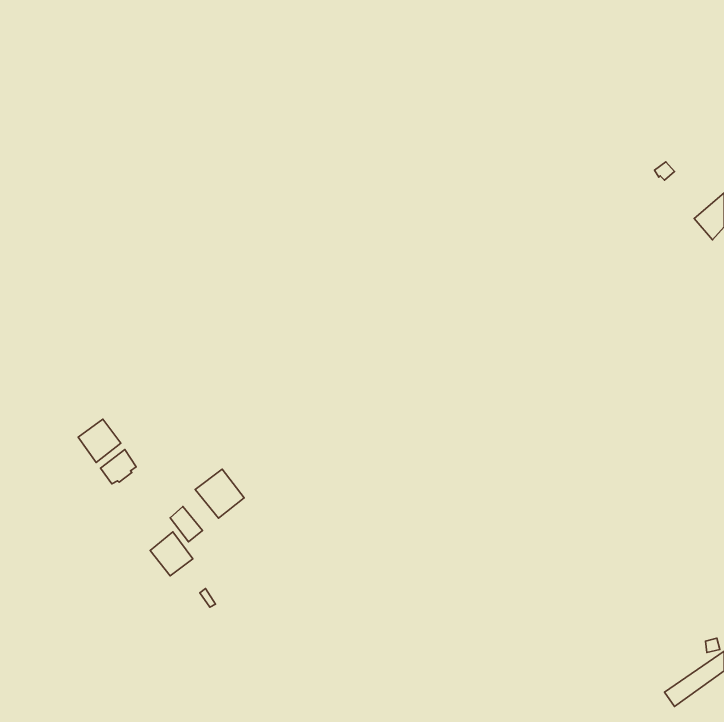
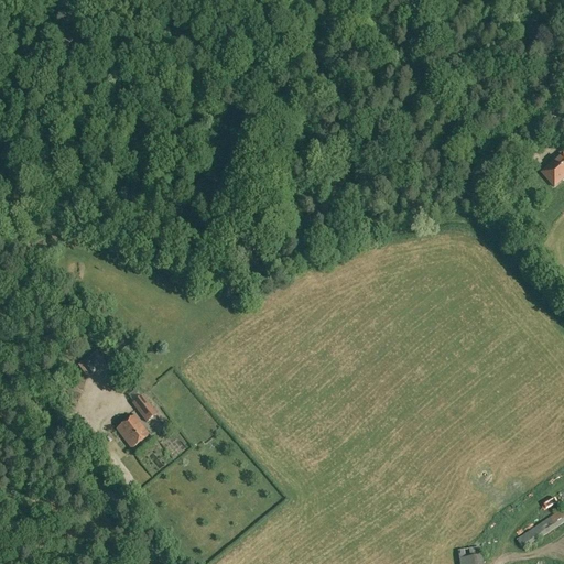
building: [78,419,121,462] -> none
building: [195,469,244,518] -> none

